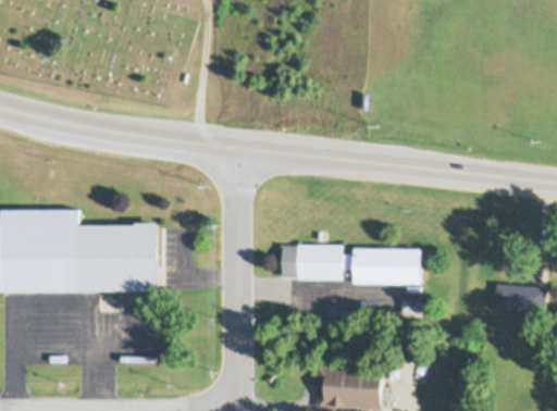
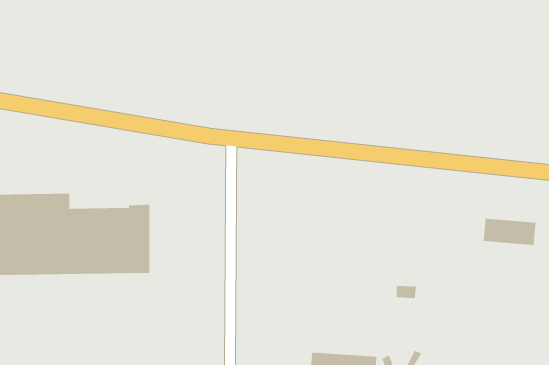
building: [282,245,421,283] -> none
building: [493,285,546,312] -> [483,218,537,246]

